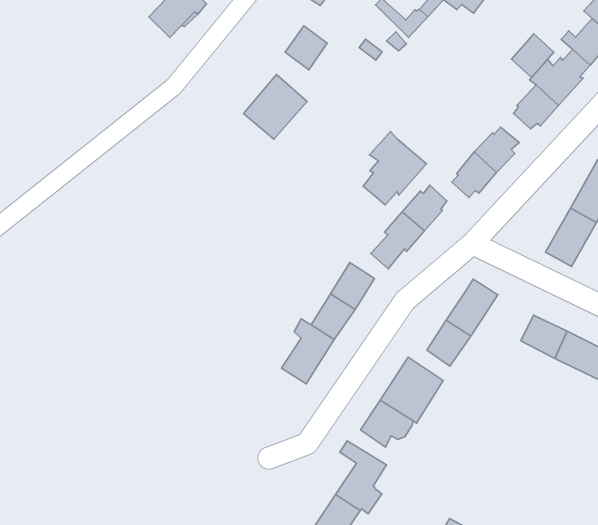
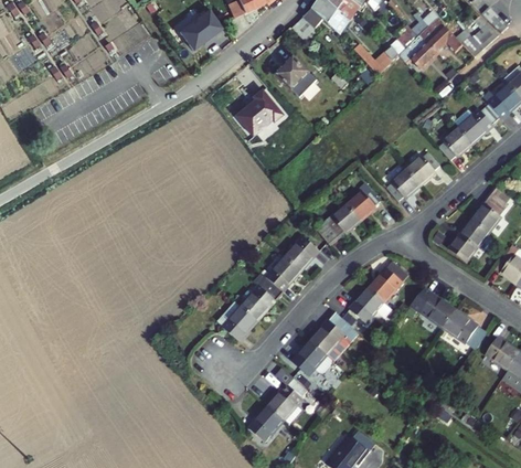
building: [512,34,554,77] -> none
building: [363,132,427,205] -> none
building: none -> [217,300,257,341]

